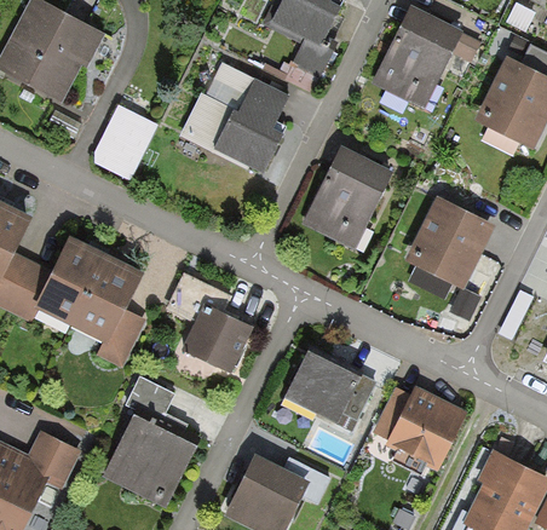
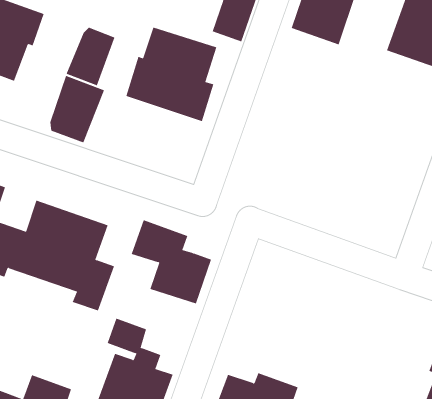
building: none -> [66,27,115,86]
building: [301,146,392,248] -> none
building: [408,197,494,287] -> none
building: [284,352,375,431] -> none
building: [373,386,466,473] -> none

